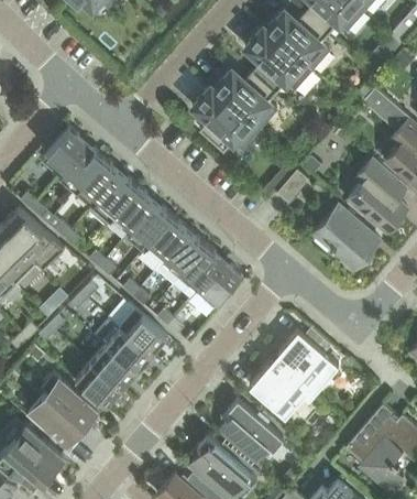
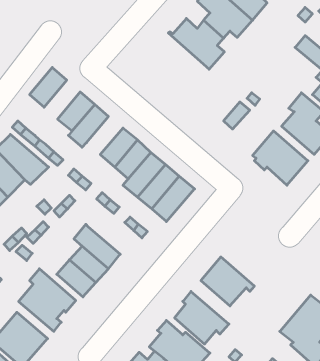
building: [193,85,260,151] -> none
building: [59,142,103,189] -> none
building: [111,186,155,232] -> none
building: [113,303,167,354] -> none
building: [274,327,339,392] -> none

